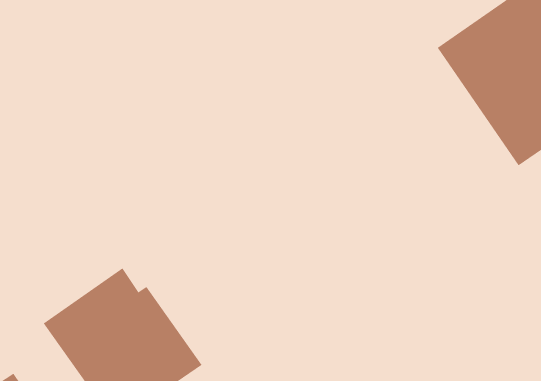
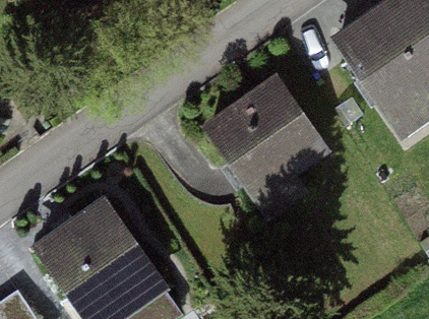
building: none -> [207,81,320,192]

